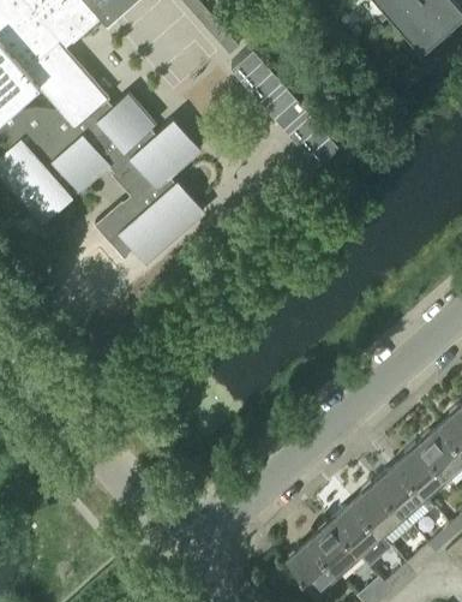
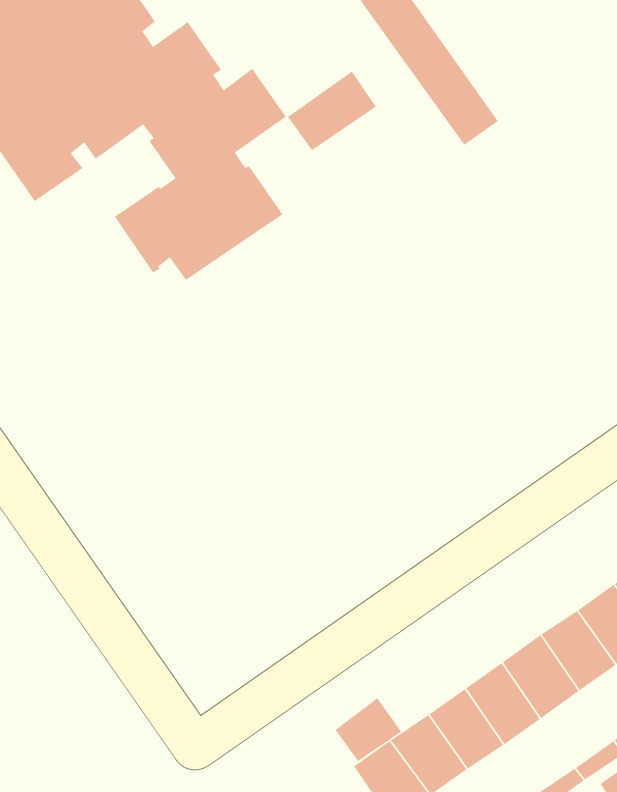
building: none -> [287,70,377,151]
building: none -> [334,697,402,762]

